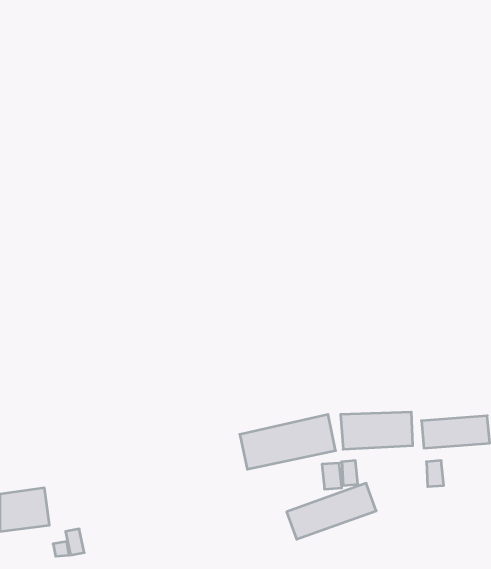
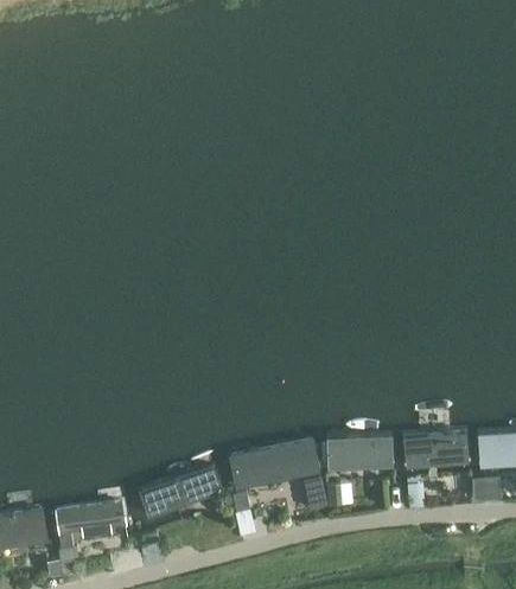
building: none -> [55,498,128,536]
building: [287,483,376,539] -> [136,467,222,520]

